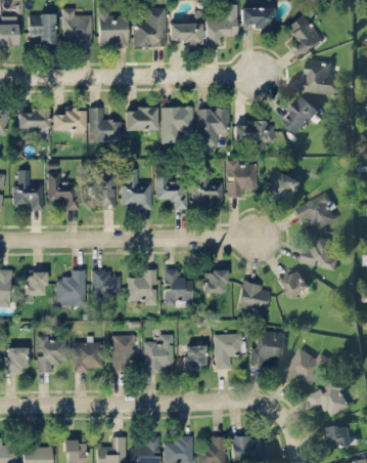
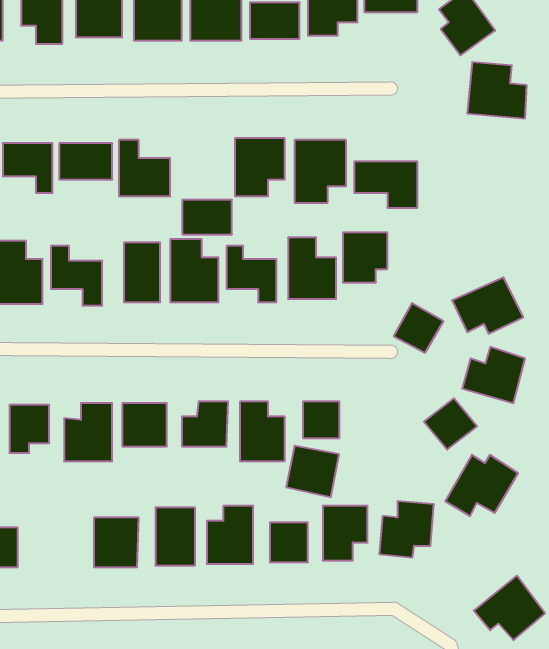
building: [281,95,319,133] -> none
building: [126,108,156,129] -> [182,200,232,234]
building: [271,170,302,201] -> [394,303,443,353]
building: [238,281,271,312] -> [286,446,339,497]
building: [38,336,66,371] -> none
building: [283,347,328,385] -> [445,455,518,516]

